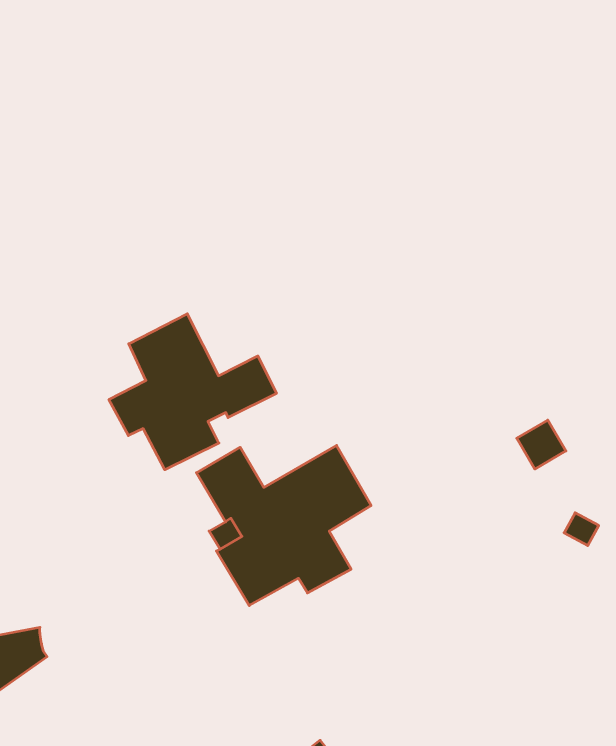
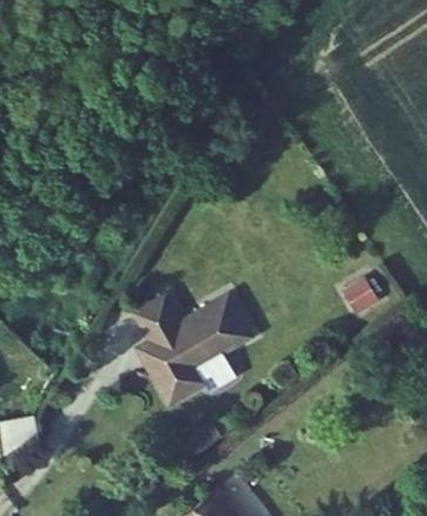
building: [109,314,276,470] -> none

